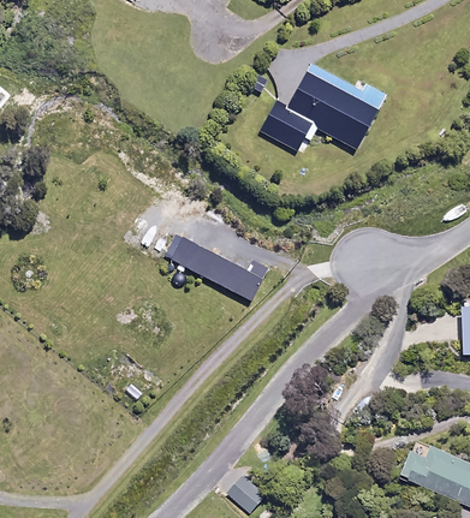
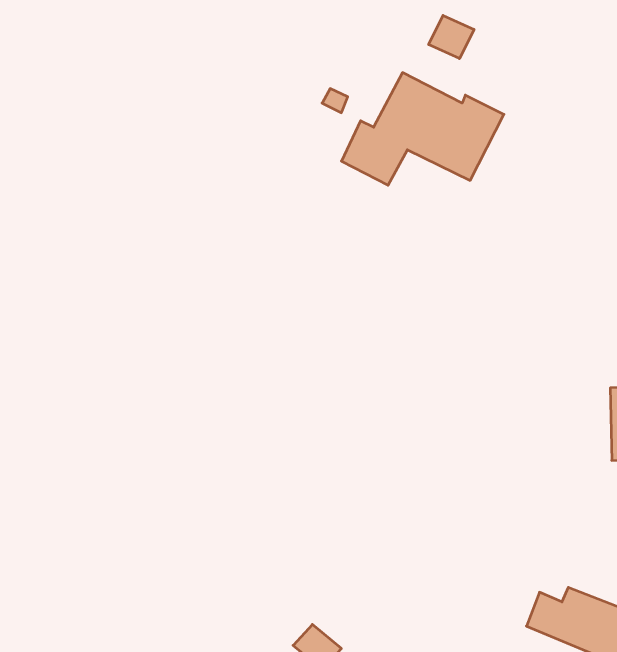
building: none -> [429,15,474,59]
building: [171,237,267,300] -> none

